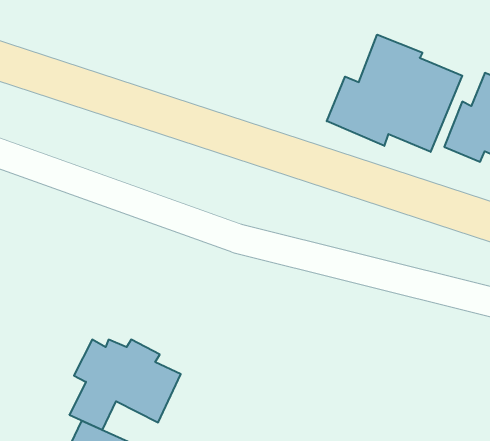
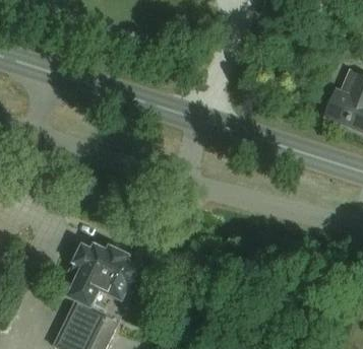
building: [327,35,462,152] -> none

